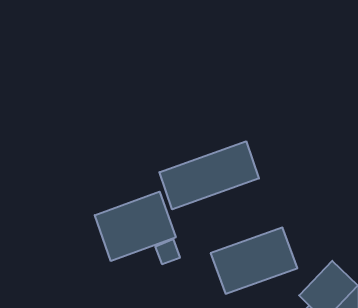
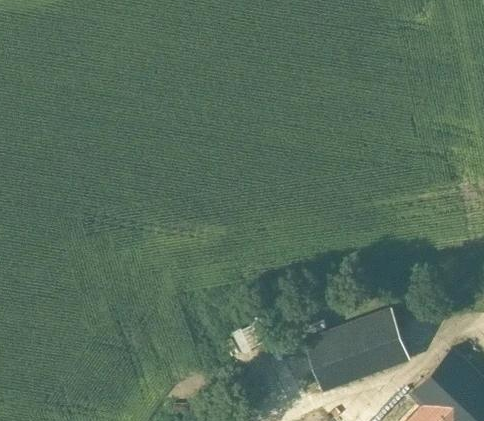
building: [159,141,259,209] -> none
building: [95,192,176,261] -> none

